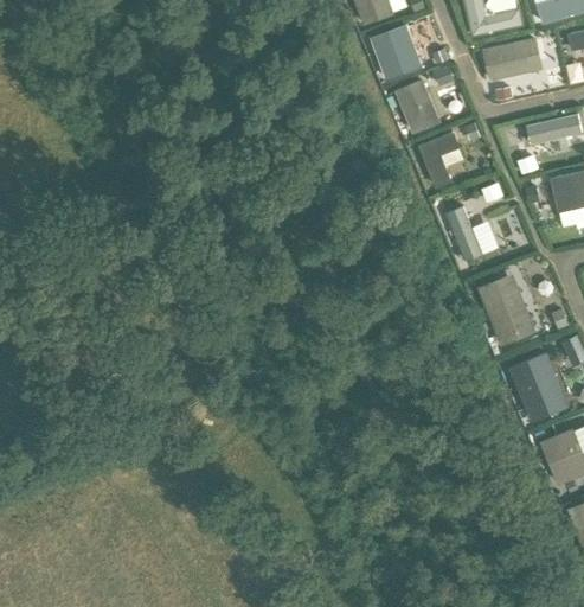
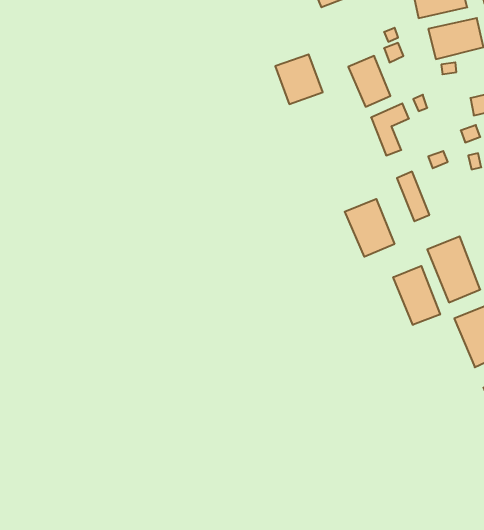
building: [370,24,422,78] -> [275,54,323,104]
building: none -> [345,199,394,257]
building: none -> [393,266,440,325]

